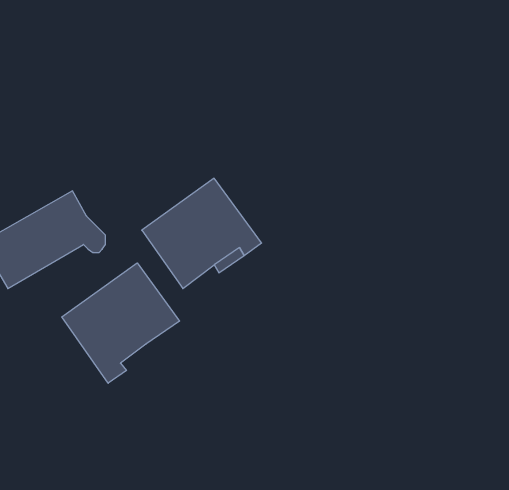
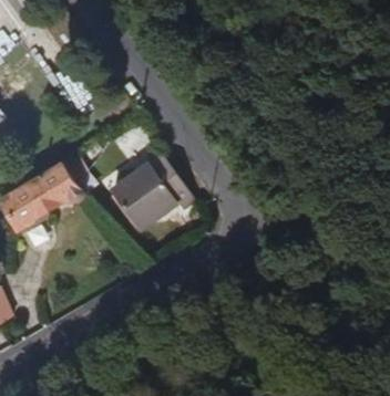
building: [62,263,180,383] -> none

